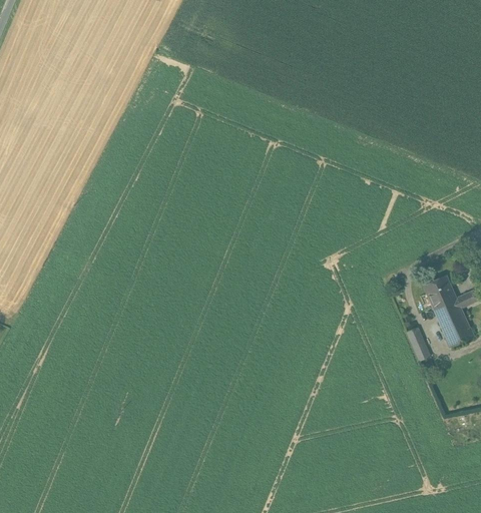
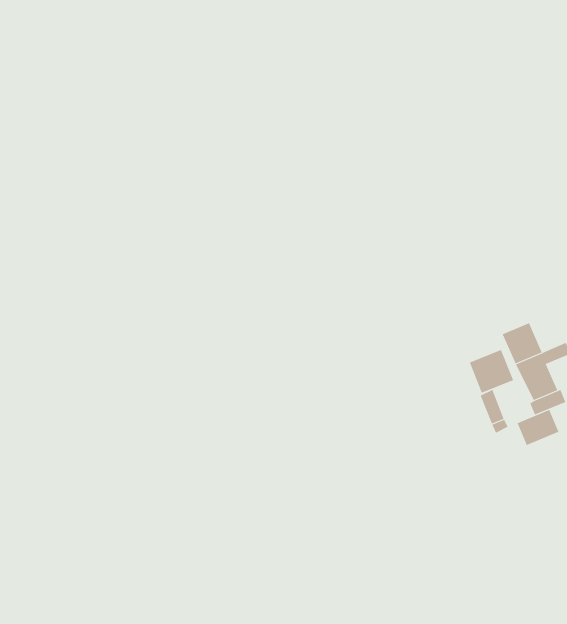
building: none -> [469,349,514,394]
building: none -> [517,409,559,446]

